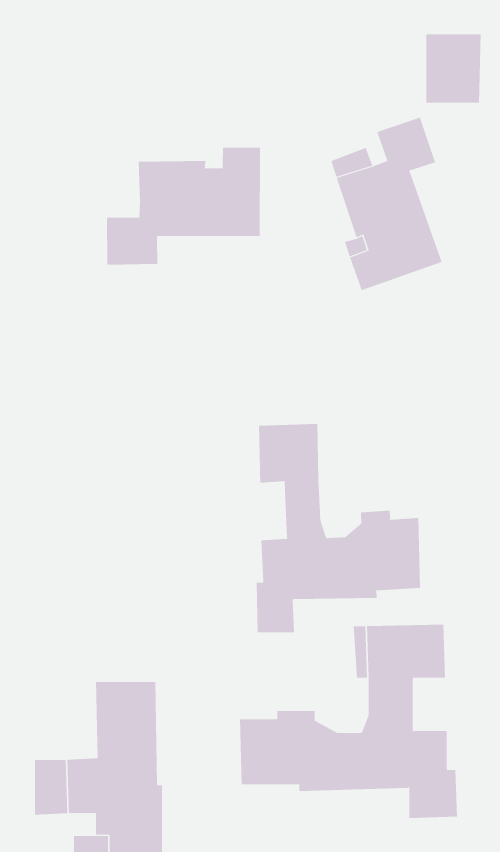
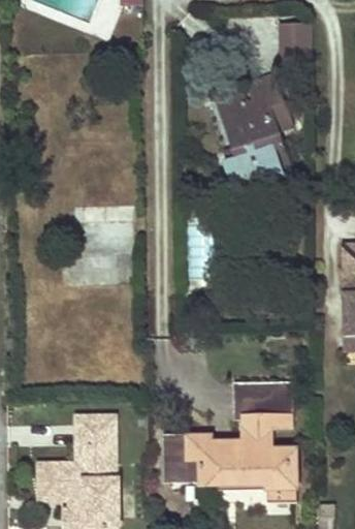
building: [107,147,261,265] -> none
building: [256,423,421,633] -> none

